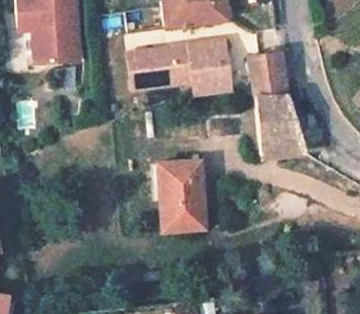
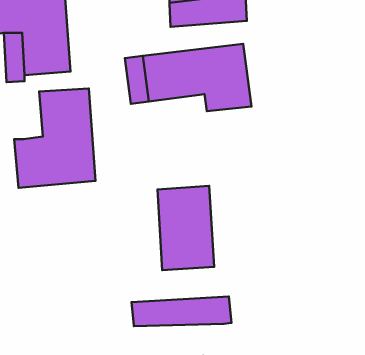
building: [250,51,302,154] -> none
building: none -> [14,88,95,188]
building: none -> [132,296,231,326]

